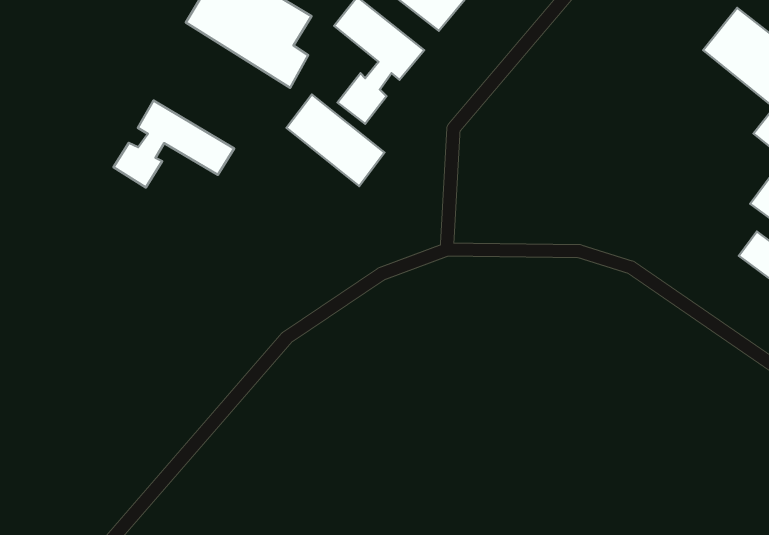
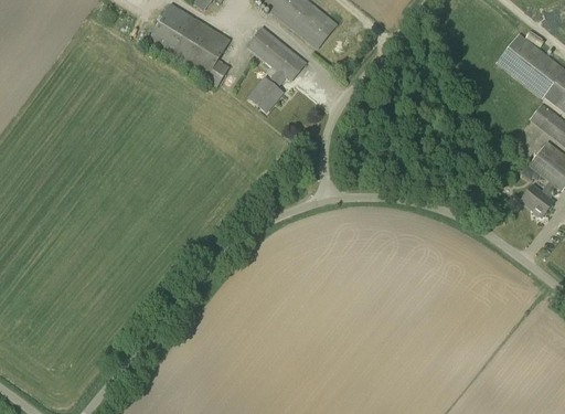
building: [286,94,385,186] -> none
building: [113,100,234,187] -> none

